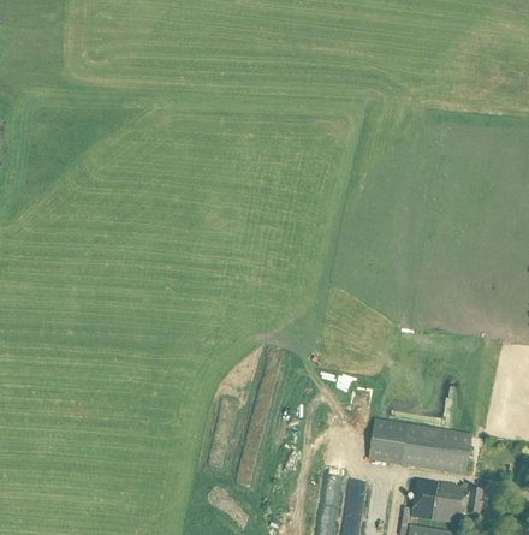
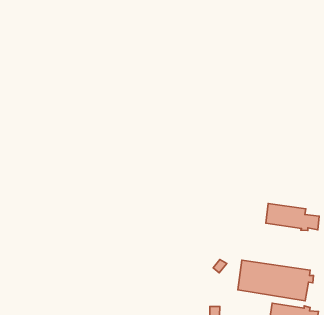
building: none -> [266,203,319,231]

